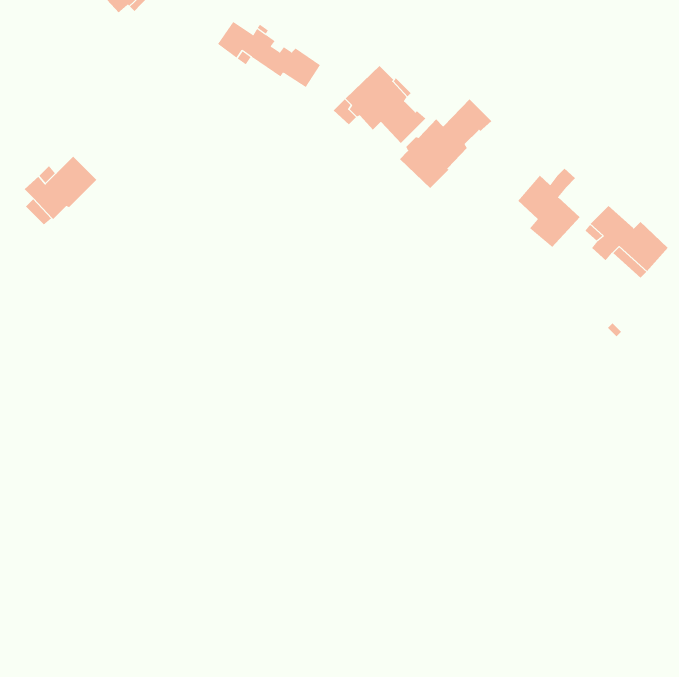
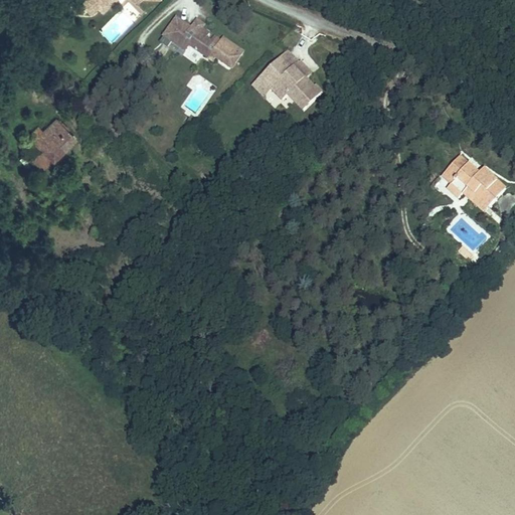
building: [399,98,492,189] -> none
building: [518,168,580,248] -> none

